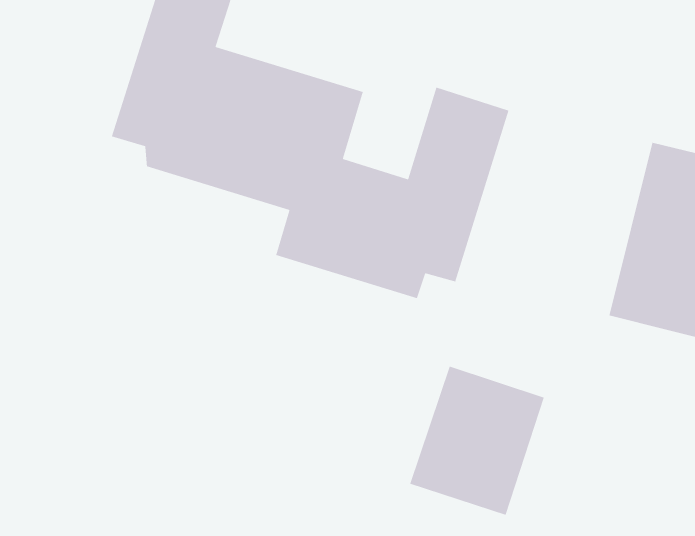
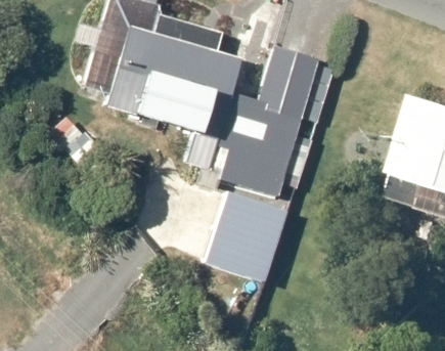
building: [409,365,545,516] -> [203,188,285,280]

